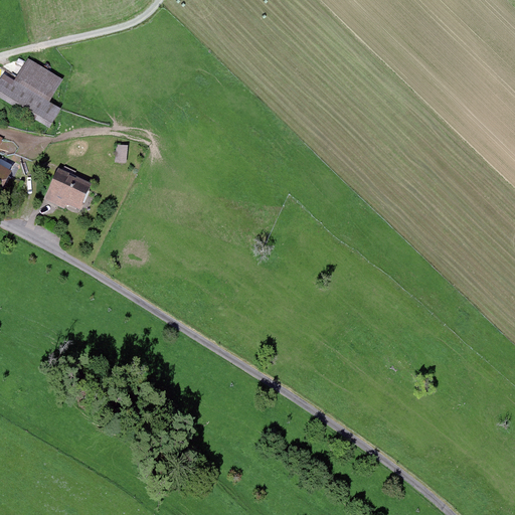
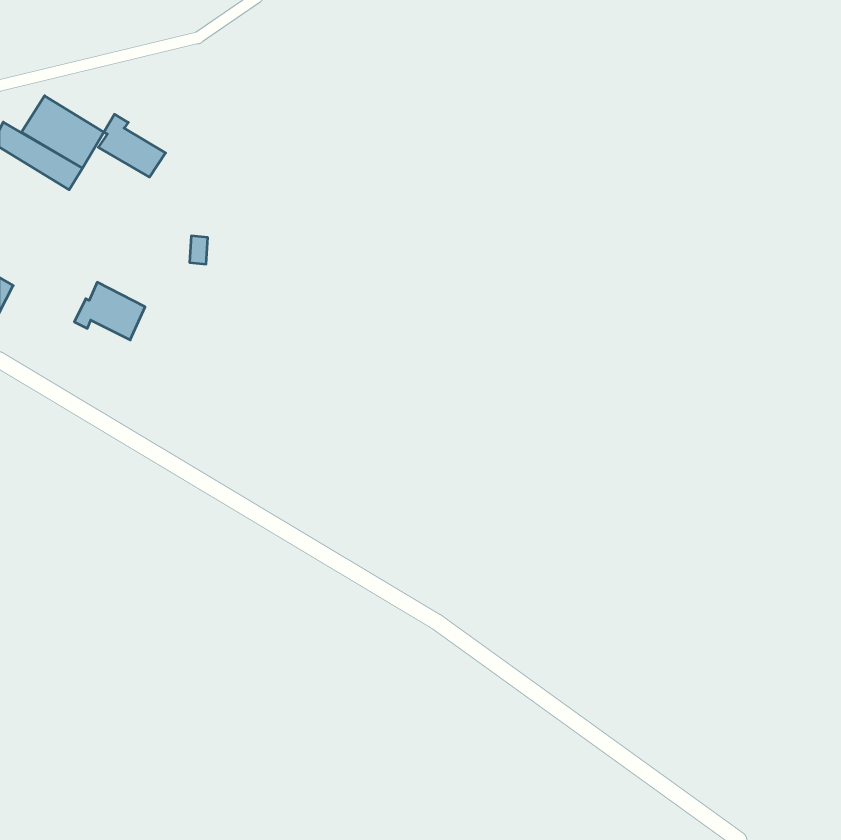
building: none -> [98,114,166,177]

